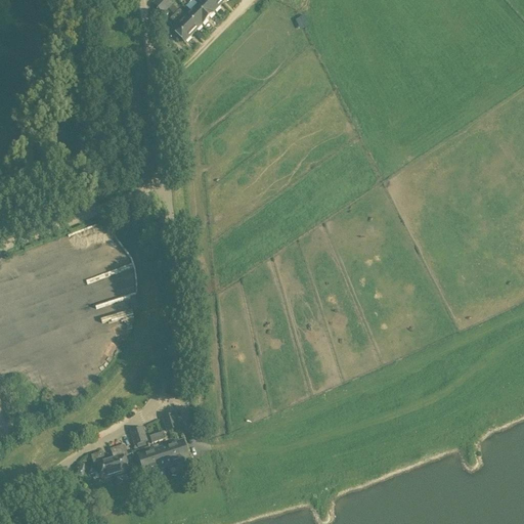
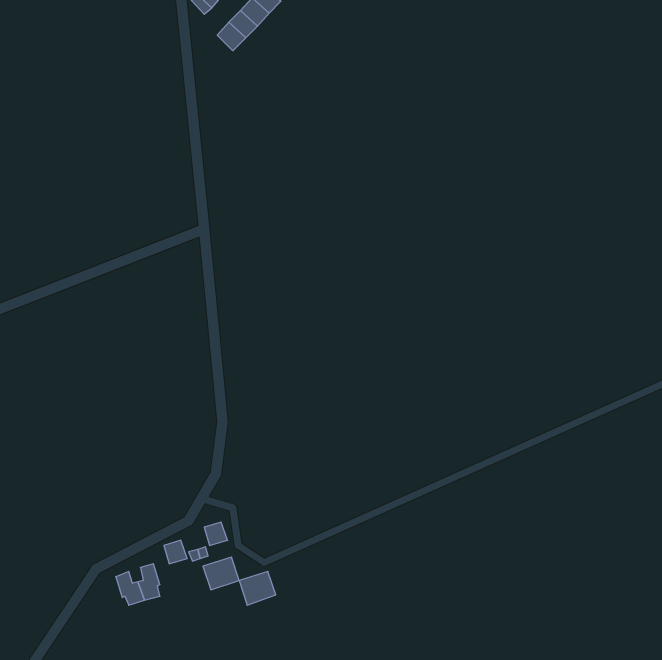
building: [137,445,166,472] -> [239,571,276,605]

